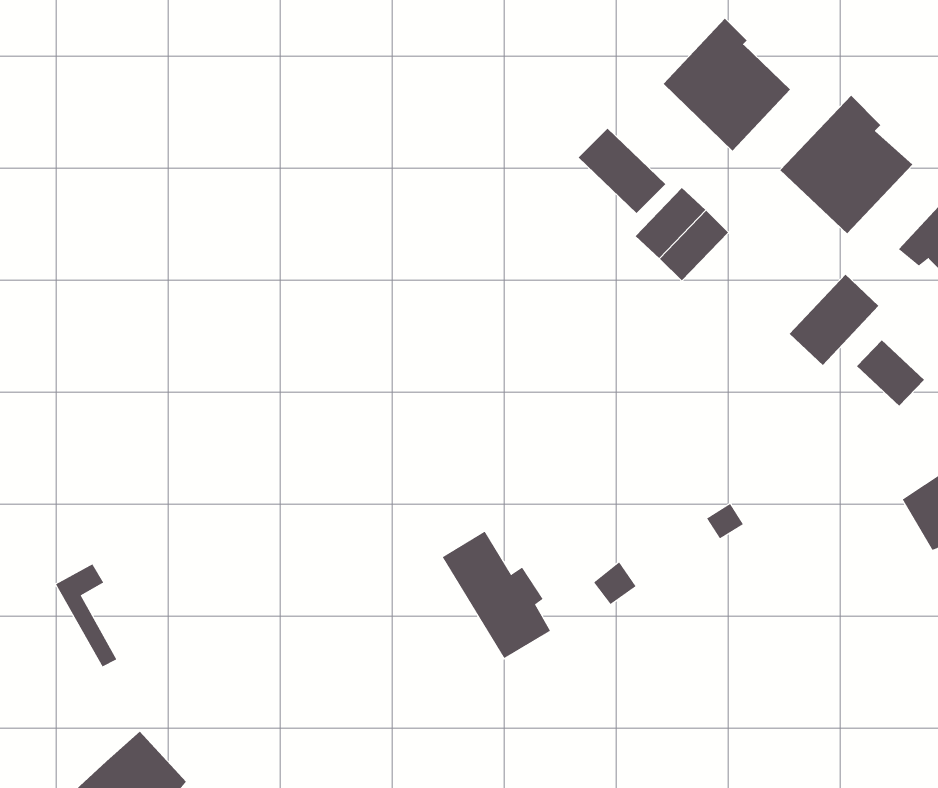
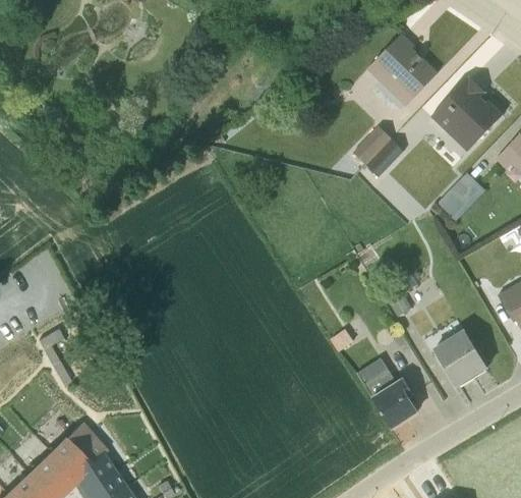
building: [578,128,666,214] -> none
building: [856,339,925,406] -> none
building: [442,531,551,659] -> [357,358,416,428]
building: none -> [432,329,487,387]

